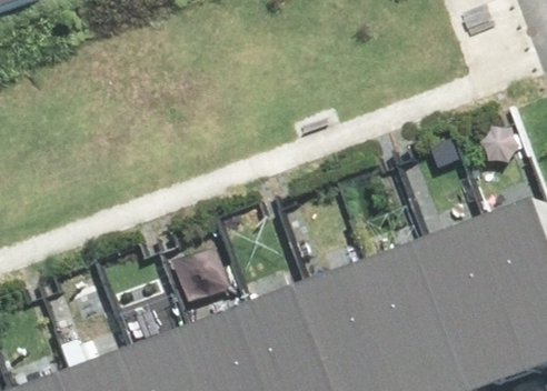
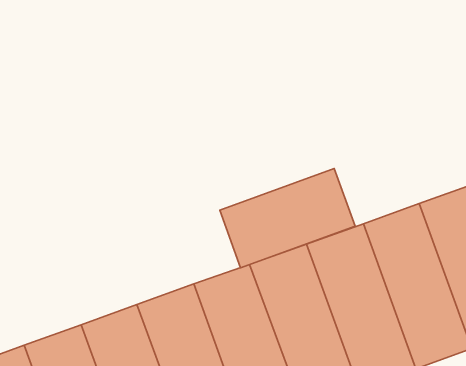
building: none -> [220,169,355,268]

